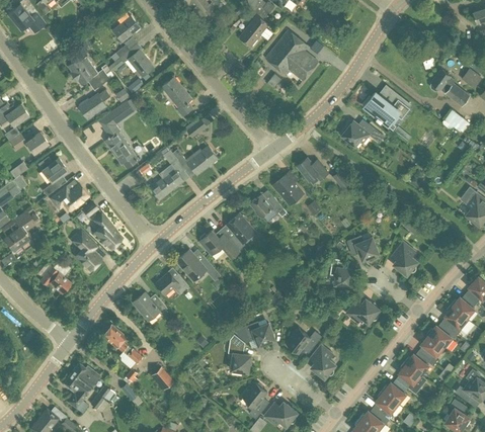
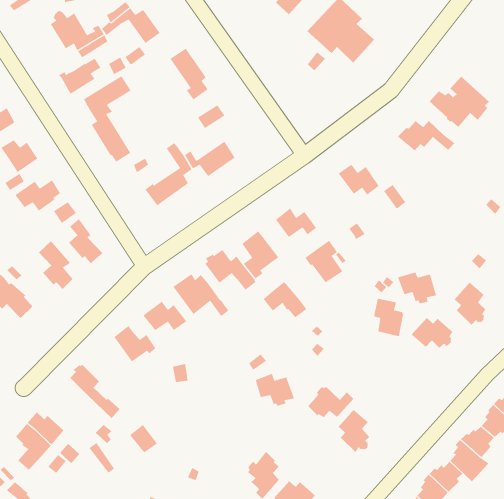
building: [271,170,302,203] -> [304,240,343,283]
building: none -> [263,281,307,318]
building: [345,298,378,322] -> [411,317,454,348]
building: [228,335,251,371] -> none

